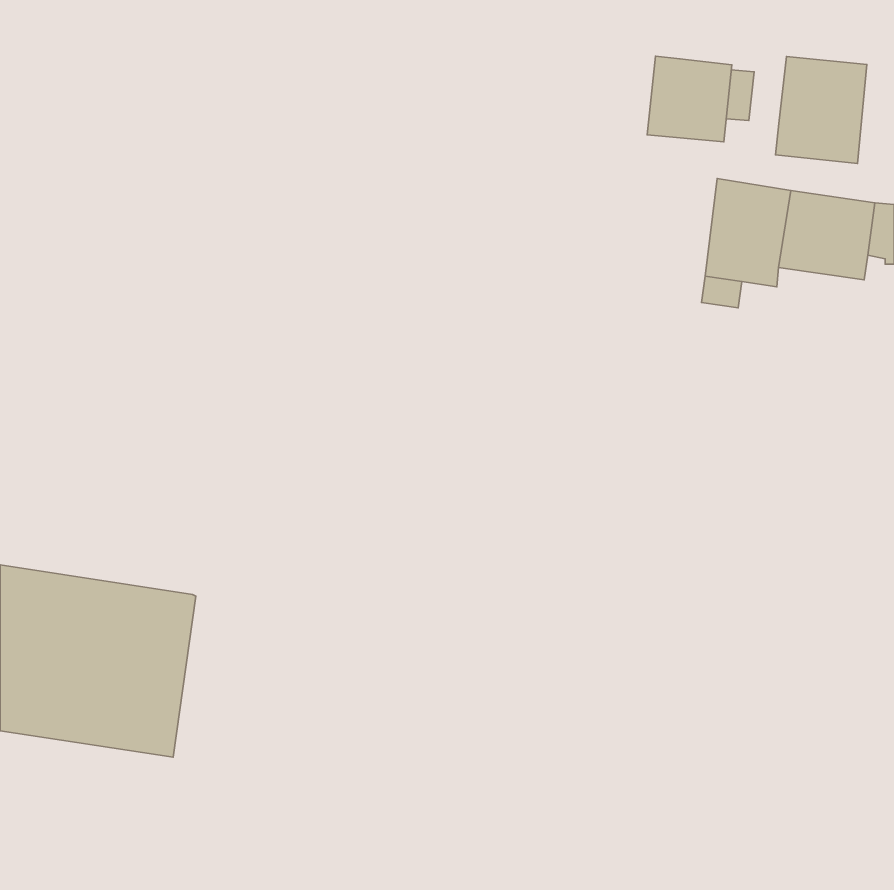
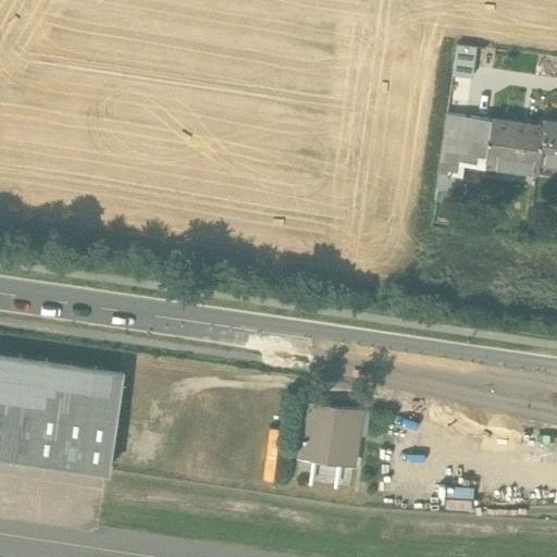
building: [647,56,732,142] -> none
building: [775,56,867,164] -> none
building: none -> [298,406,368,469]

